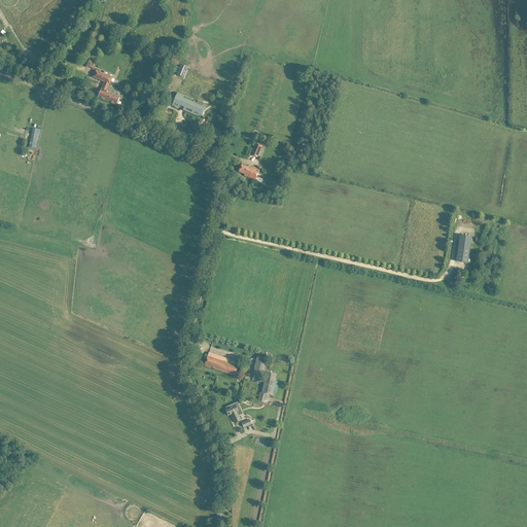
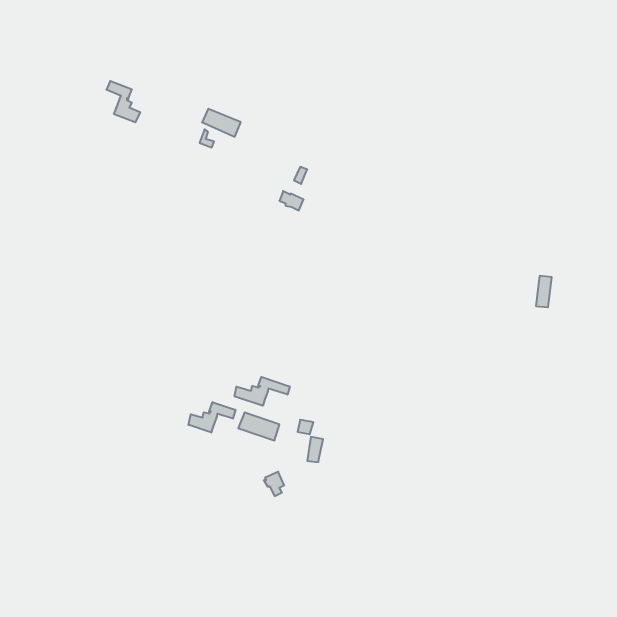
building: none -> [235,377,290,406]
building: none -> [188,402,235,433]

